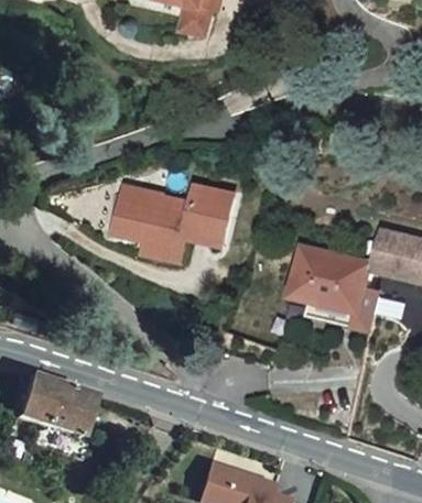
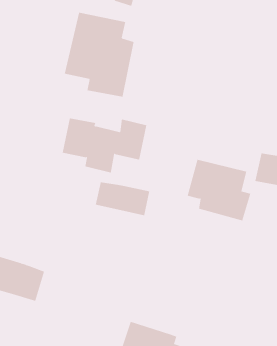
building: none -> [64,12,134,97]
building: none -> [95,181,150,216]

